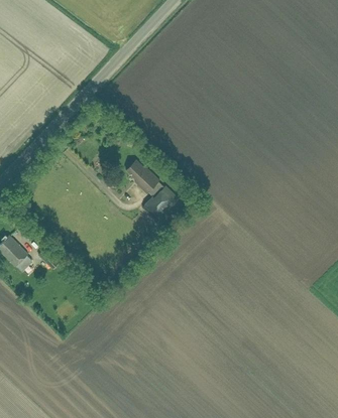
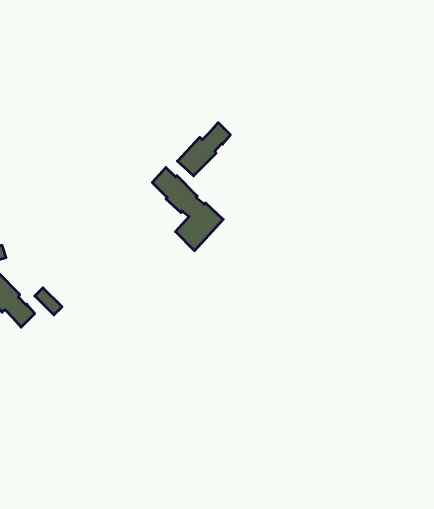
building: none -> [177,123,230,176]

